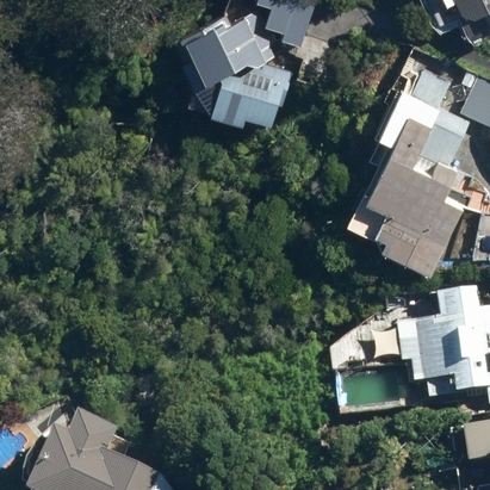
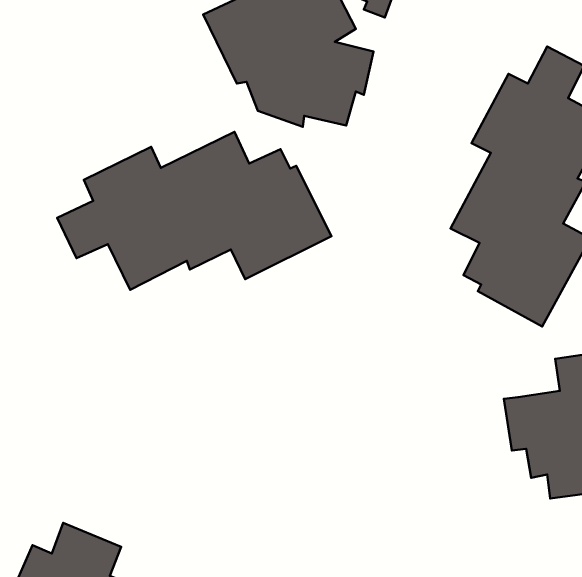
building: none -> [57,132,331,290]

